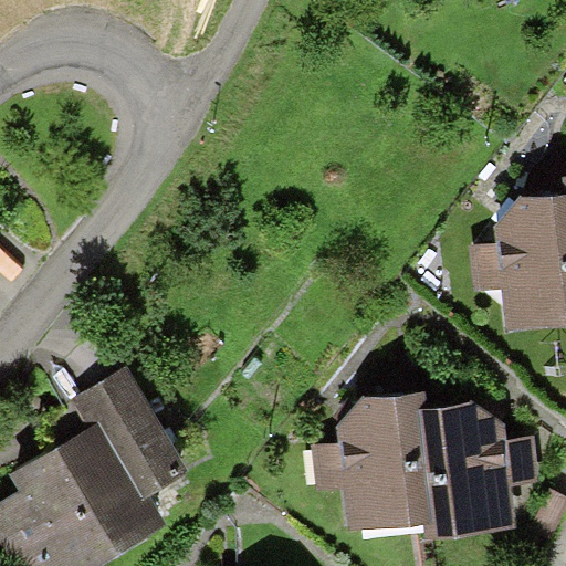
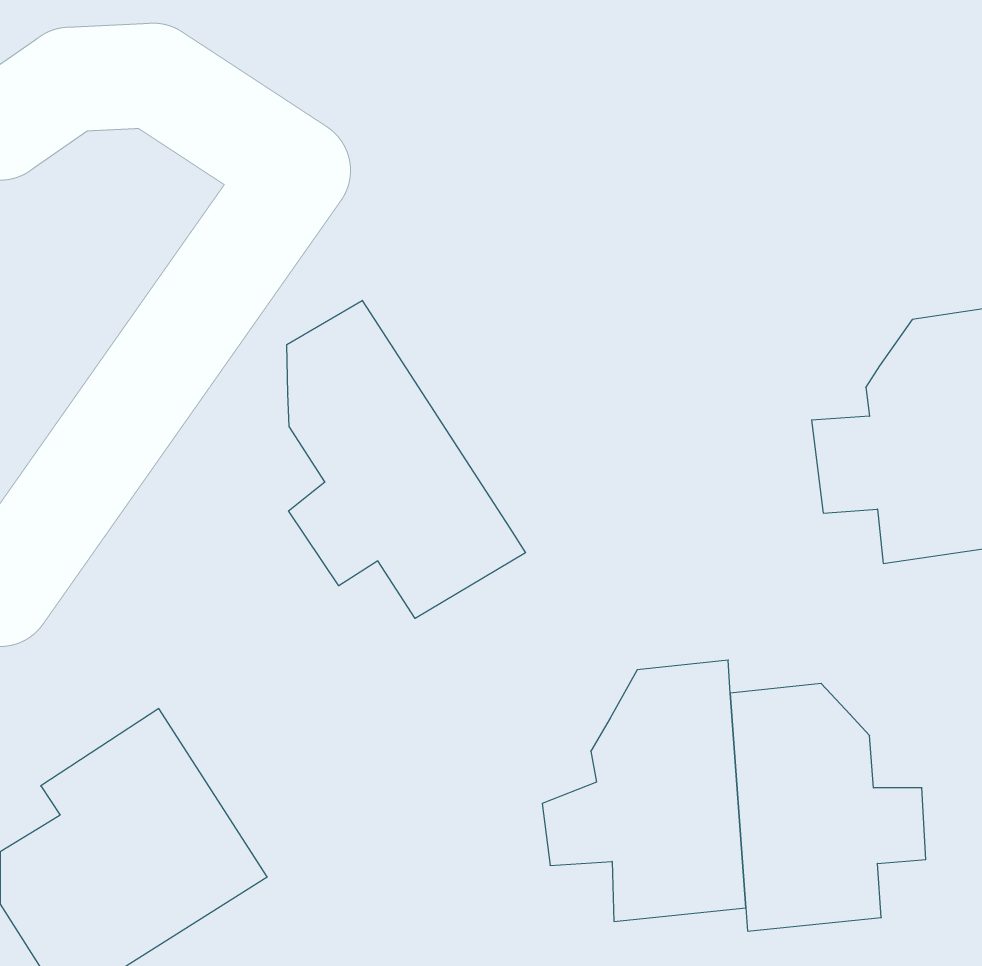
building: none -> [287,300,526,618]
building: [76,358,174,468] -> none

